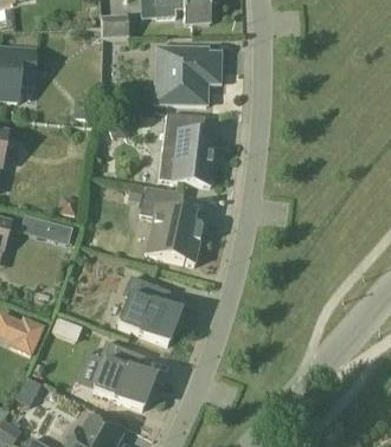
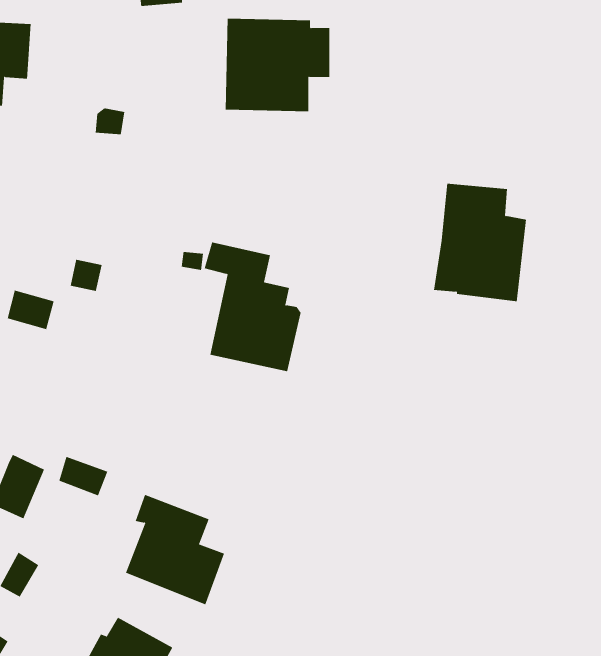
building: [159,111,217,184] -> [433,183,527,302]
building: [118,274,180,343] -> none

